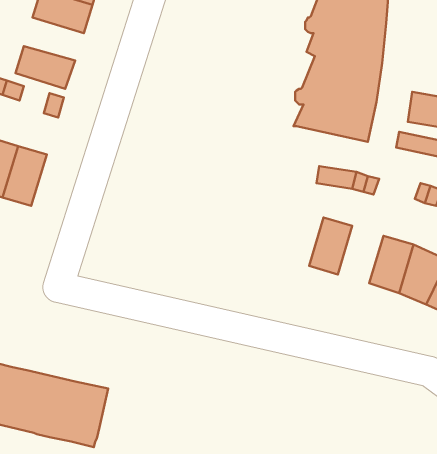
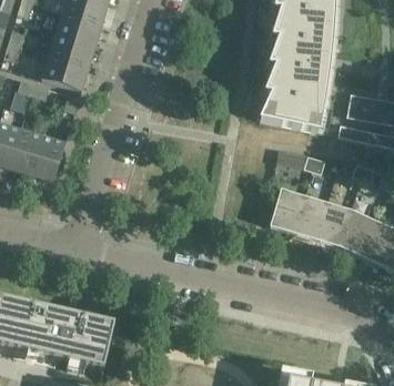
building: none -> [48,33,94,67]
building: none -> [292,195,327,240]

